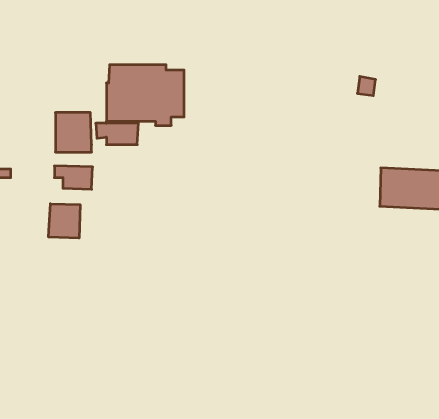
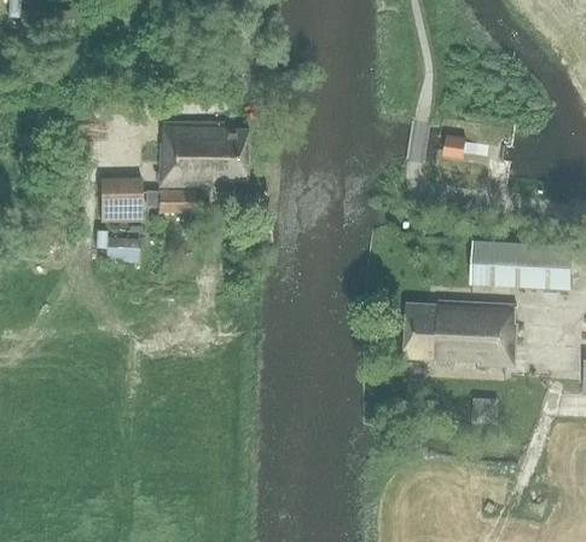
building: [49,204,80,238] -> none
building: none -> [405,300,515,365]

